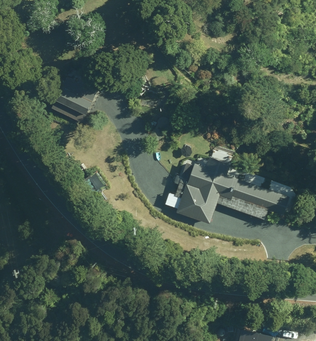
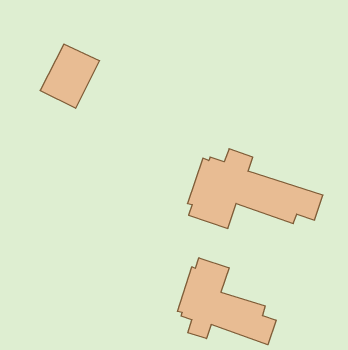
building: none -> [177,258,276,345]

